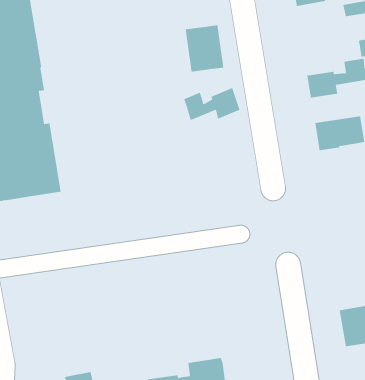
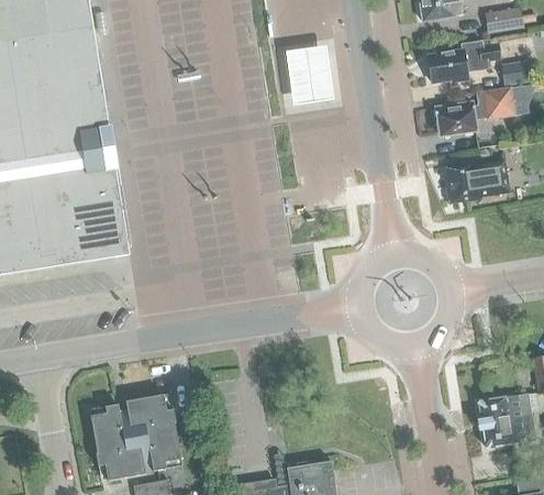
building: none -> [428,40,499,84]
building: [183,87,240,121] -> none
building: none -> [89,394,179,480]

